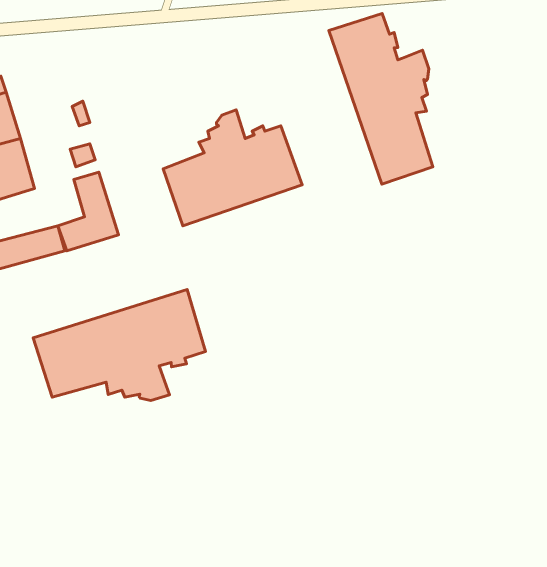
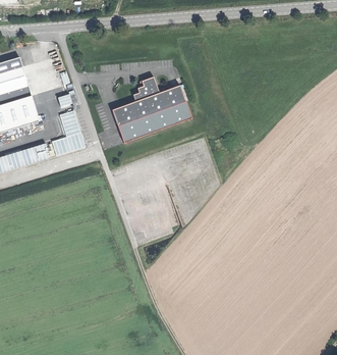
building: [329,14,433,184] -> none
building: [33,289,205,400] -> none

